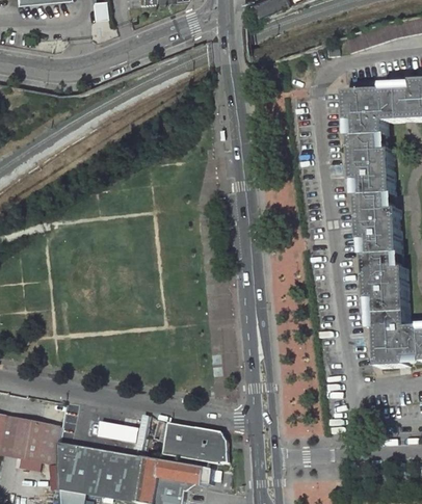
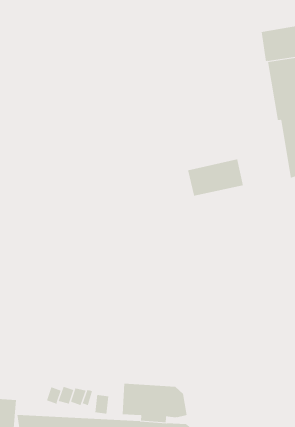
building: none -> [188,158,244,196]

